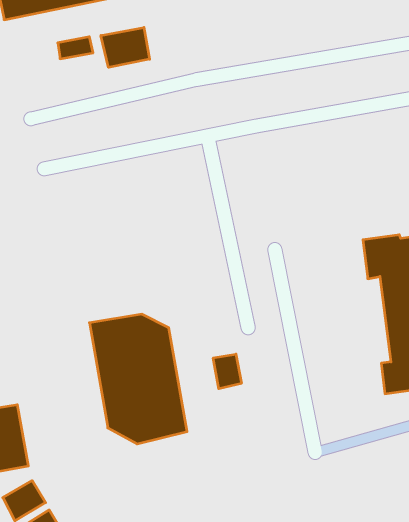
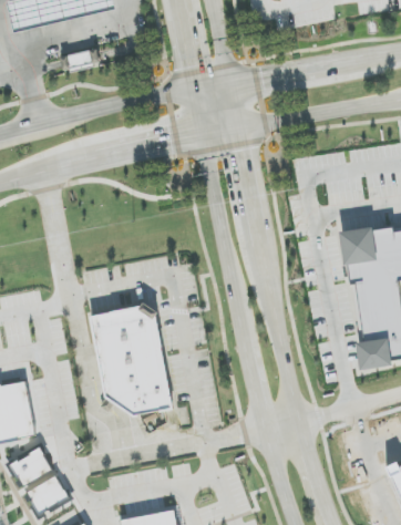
building: [101,27,150,67] -> none
building: [213,354,241,389] -> none

